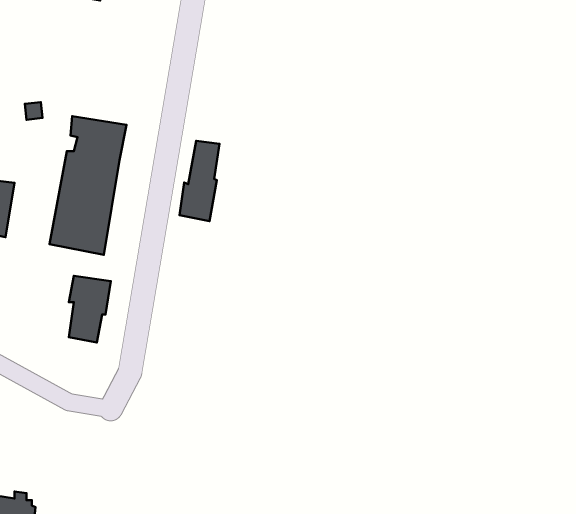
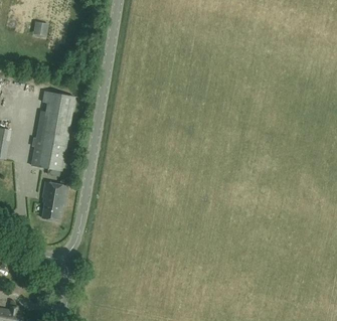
building: [179,141,219,221] -> none

